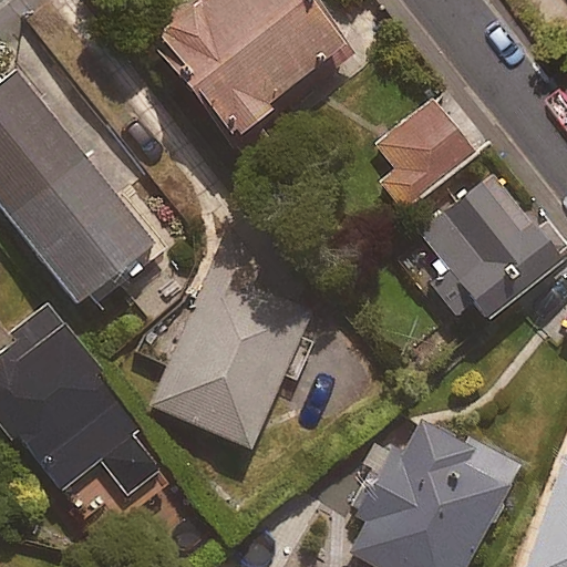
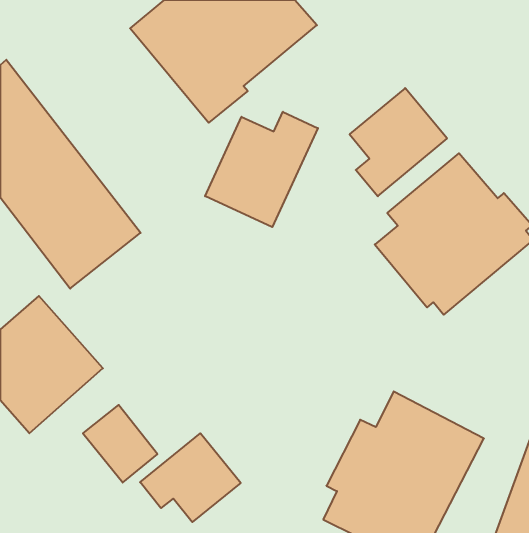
building: none -> [205,112,318,227]
building: [154,268,317,446] -> none
building: none -> [140,433,241,522]

